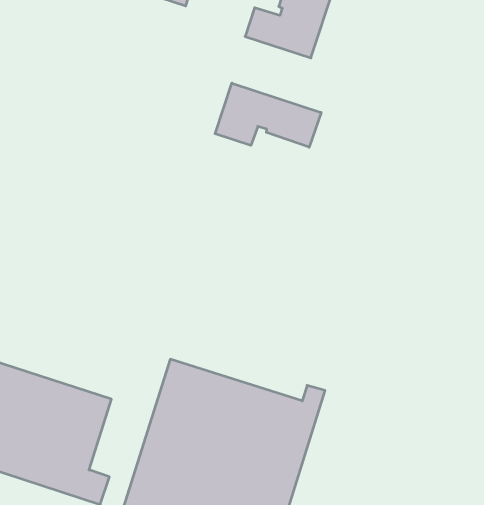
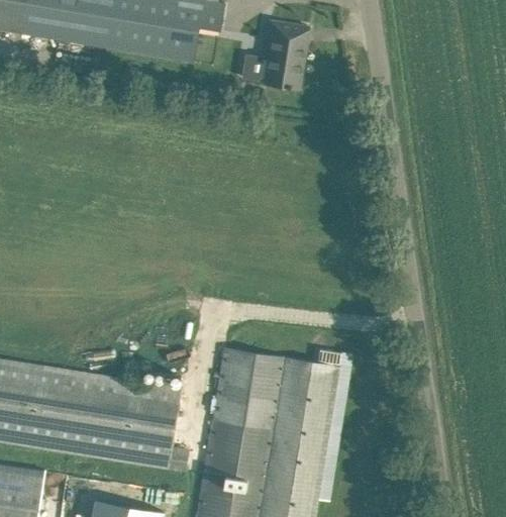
building: [215,83,321,147] -> none

